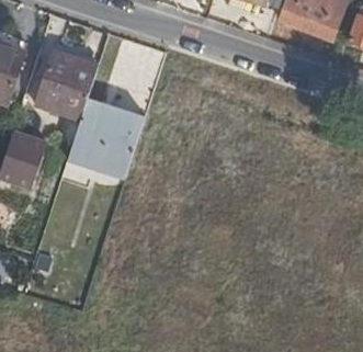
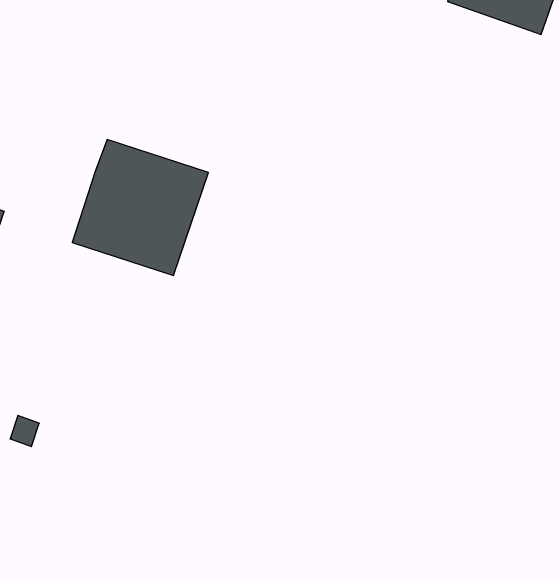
building: [37,52,100,117] -> none

